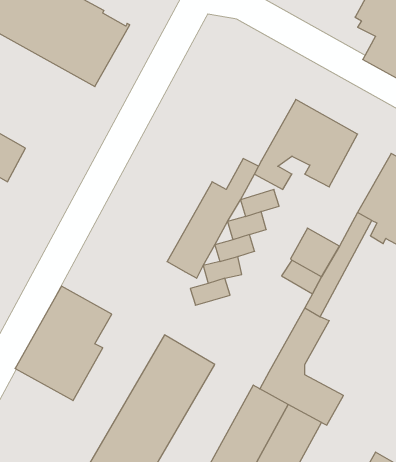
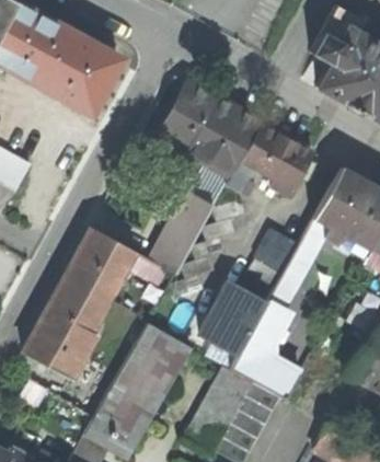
building: none -> [159,83,261,174]
building: none -> [61,227,166,304]
building: none -> [200,278,268,354]

